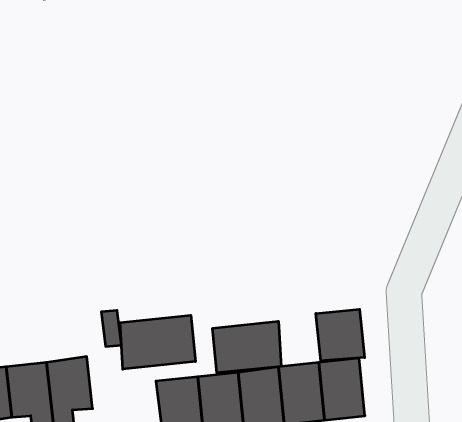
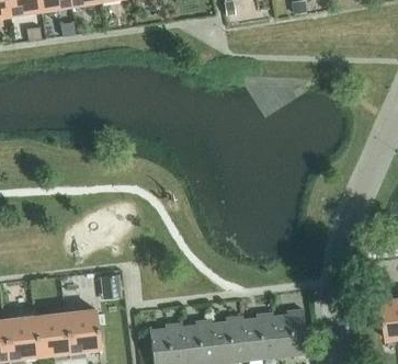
building: [316,309,365,361] -> none
building: [120,315,195,369] -> none
building: [213,321,281,373] -> none

